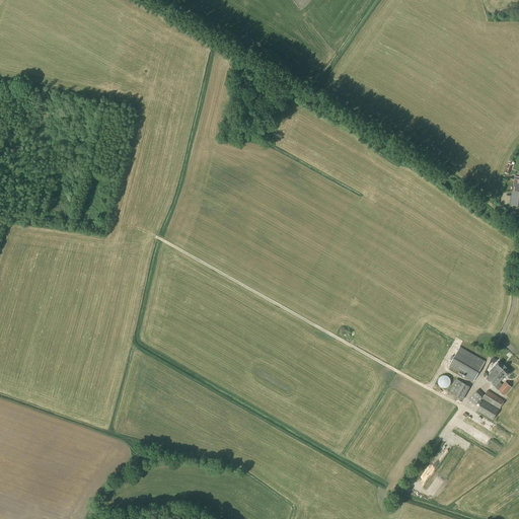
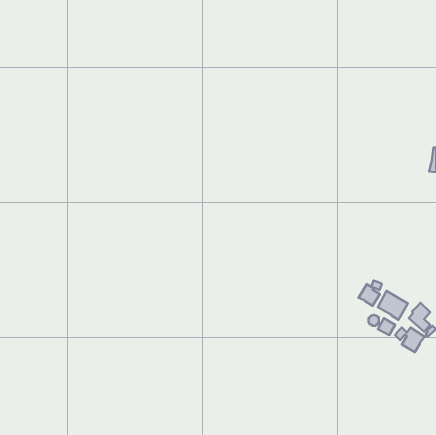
building: none -> [359,281,382,306]

